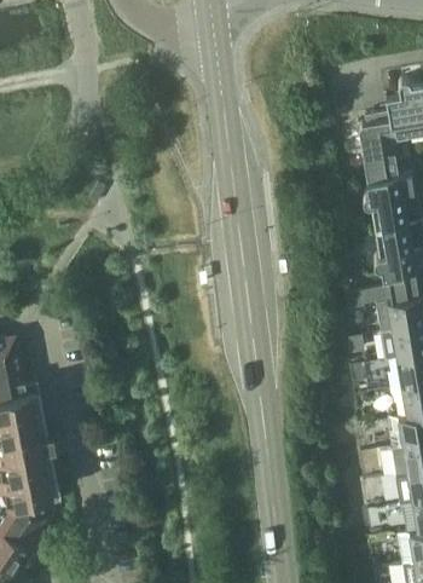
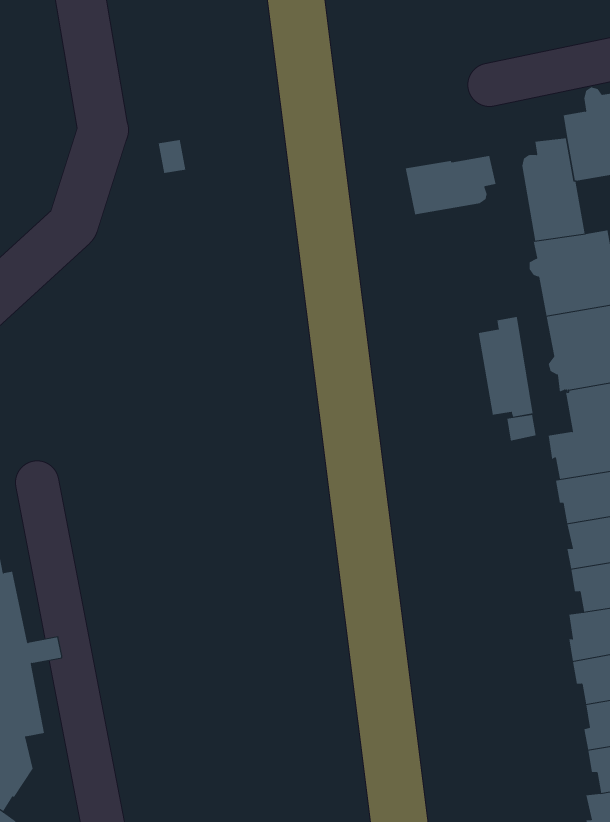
building: none -> [405,155,496,215]
building: none -> [478,316,533,417]

